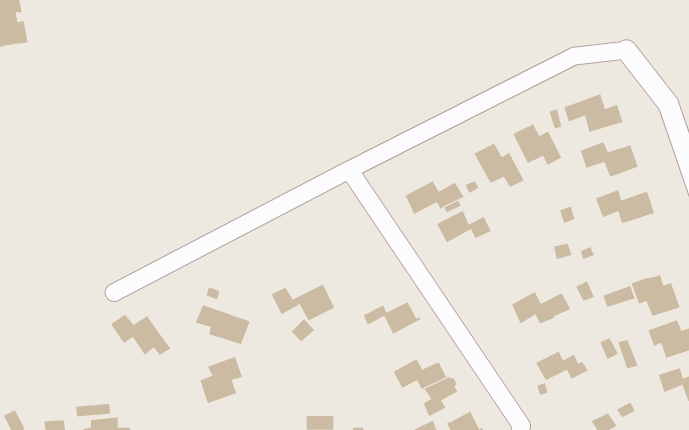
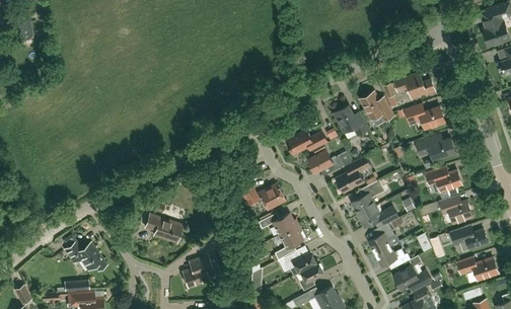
building: none -> [336,156,371,192]
building: none -> [427,166,462,198]
building: none -> [352,179,385,215]
building: [271,284,335,321] -> [241,184,285,210]
building: [110,314,172,356] -> [65,242,106,271]
building: none -> [369,223,395,254]
building: none -> [275,225,303,259]
building: [200,356,243,404] -> [184,255,213,288]
building: none -> [394,266,432,293]

